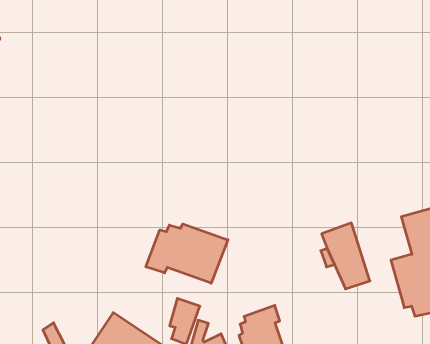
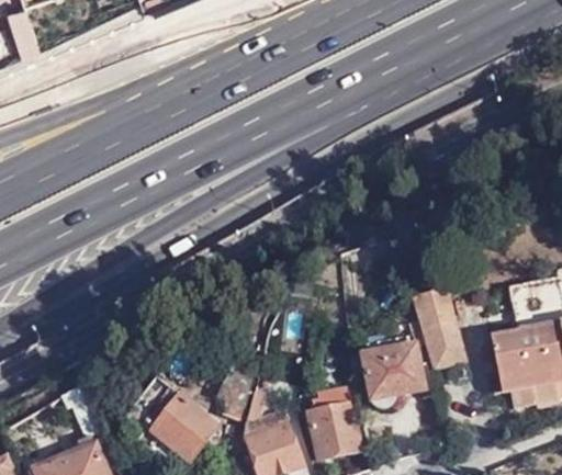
building: [146,224,228,283] -> none
building: none -> [364,344,426,410]

